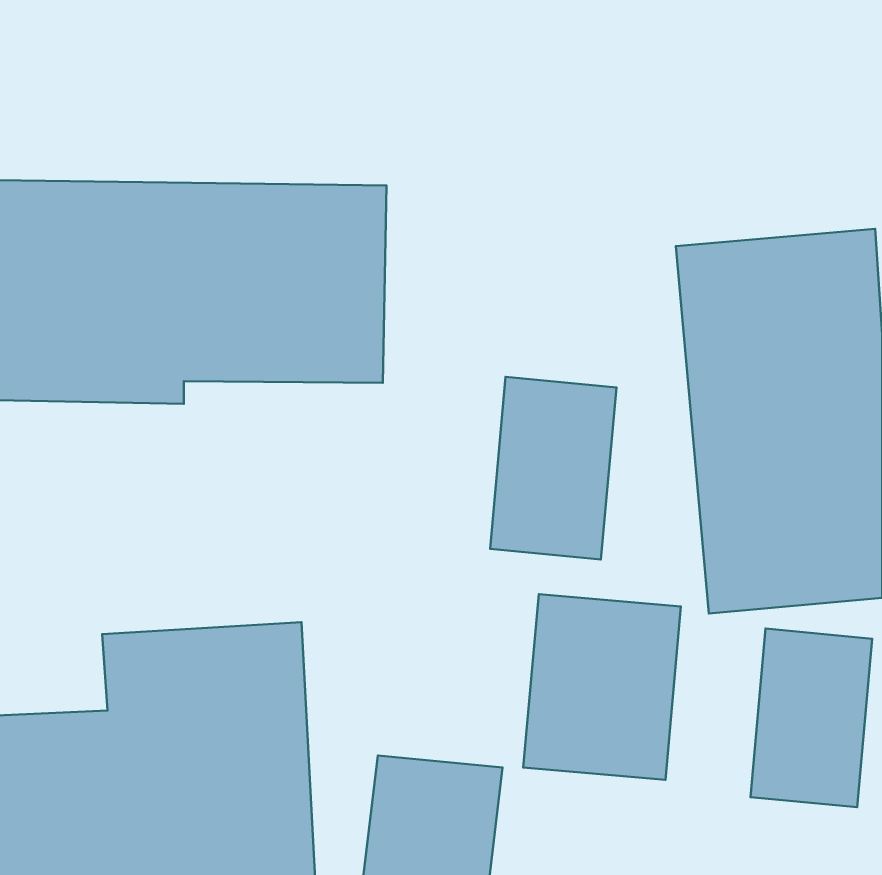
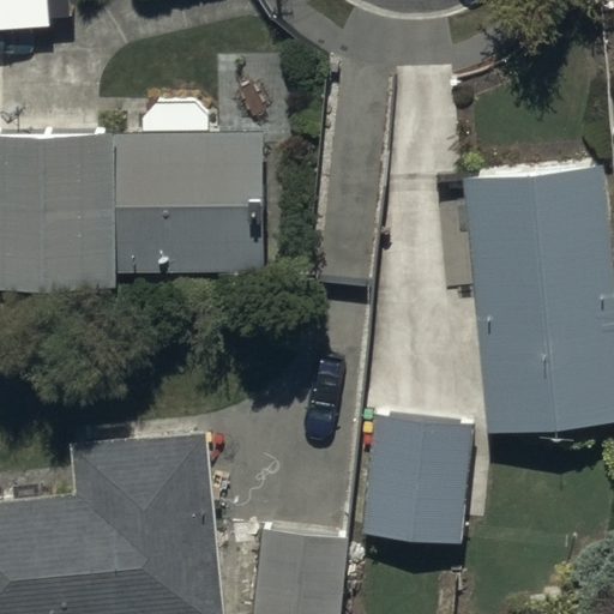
building: [490,377,616,559] -> none
building: [750,629,872,807] -> none

